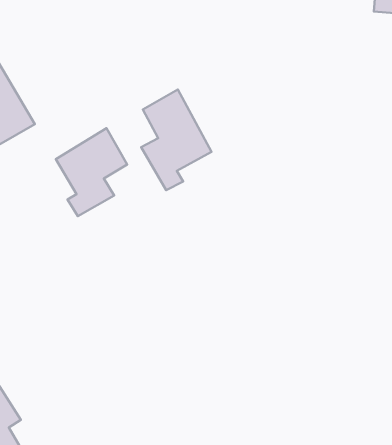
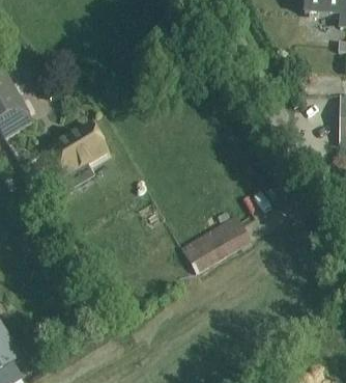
building: [141,89,212,190] -> none
building: none -> [180,214,251,272]

